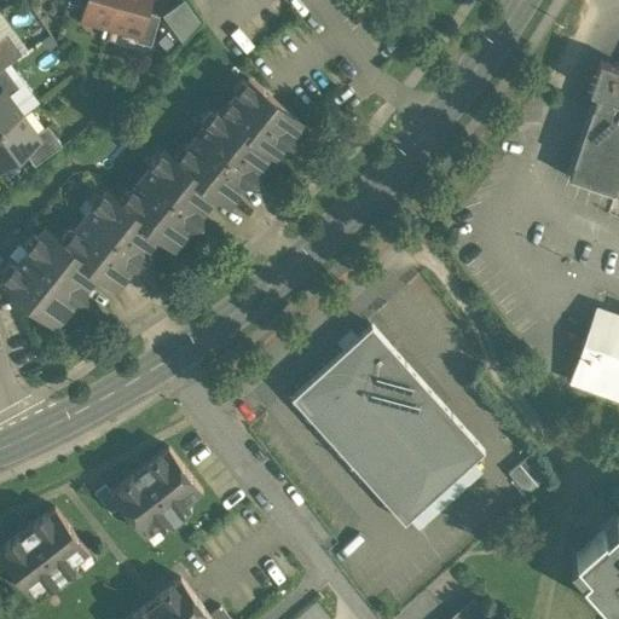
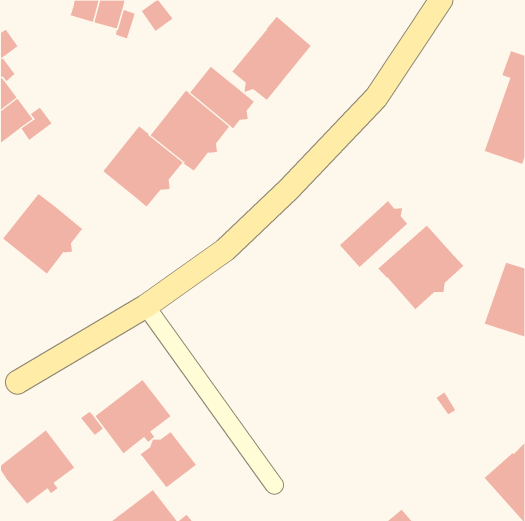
building: none -> [231,16,311,101]
building: [64,193,158,290] -> none
building: none -> [339,200,408,268]
building: none -> [378,225,464,310]
building: [293,330,484,525] -> none
building: none -> [139,431,197,488]

